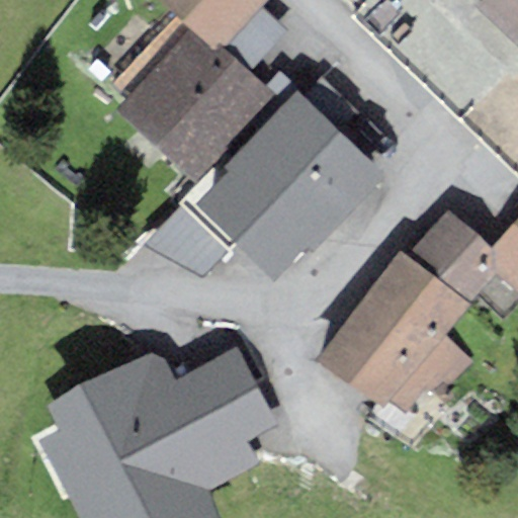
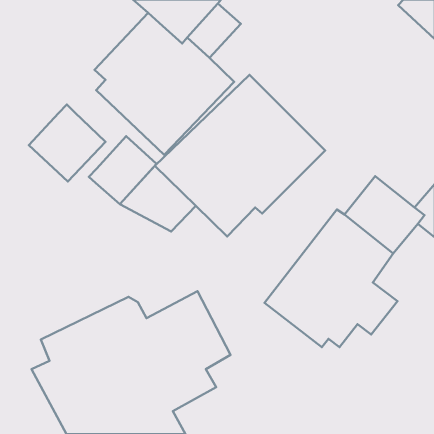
building: none -> [29,104,106,182]
building: none -> [89,136,156,204]

